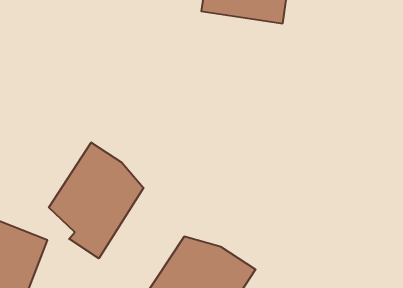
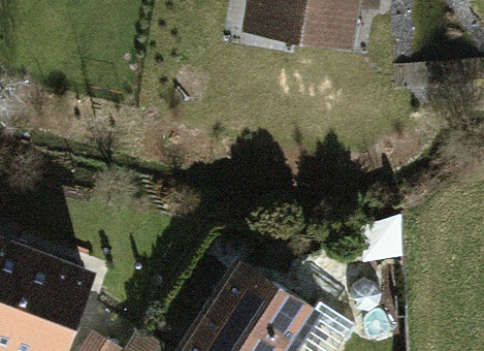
building: [49,142,144,258] -> none

